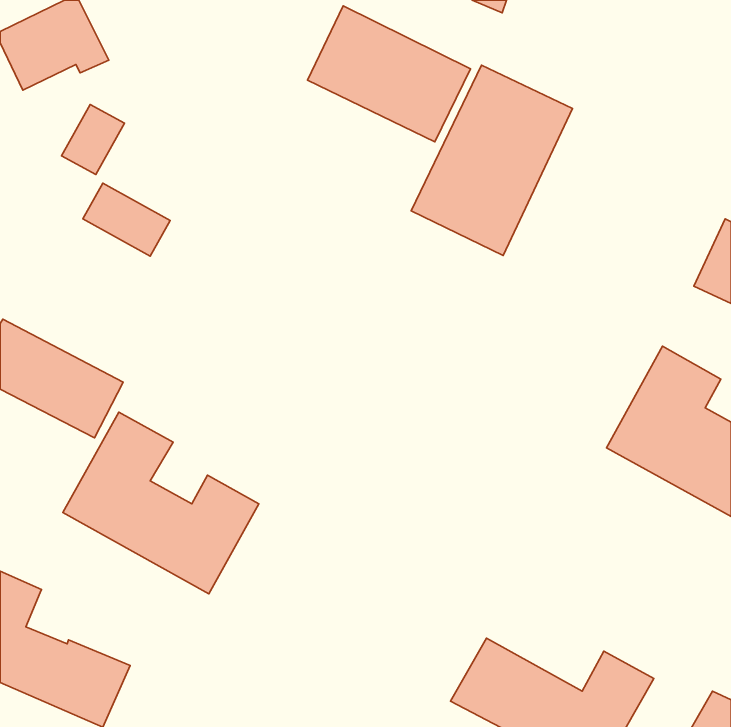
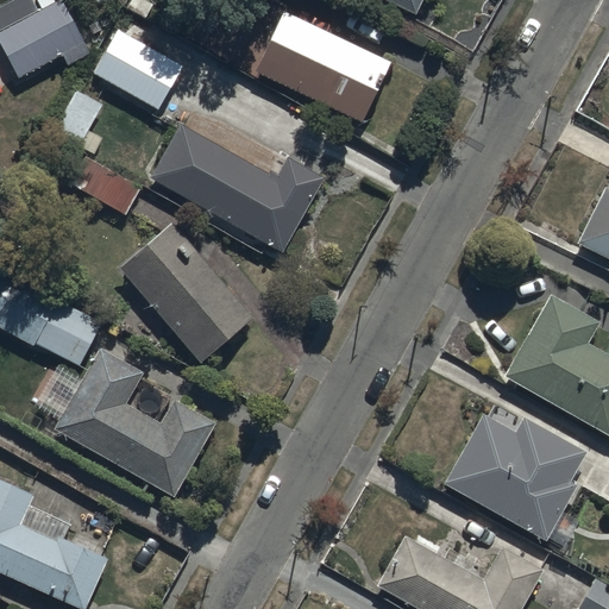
building: none -> [93,29,183,111]
building: [411,65,572,256] -> none
building: none -> [147,123,325,253]
building: none -> [119,222,253,363]
building: none -> [442,413,586,541]

